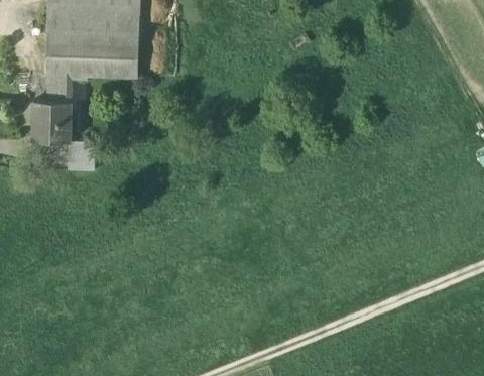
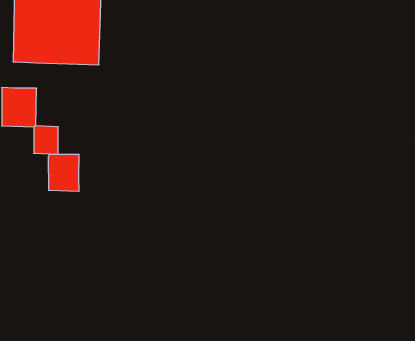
building: [48,73,72,101] -> none
building: none -> [49,154,79,191]

